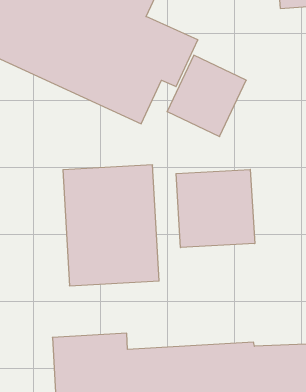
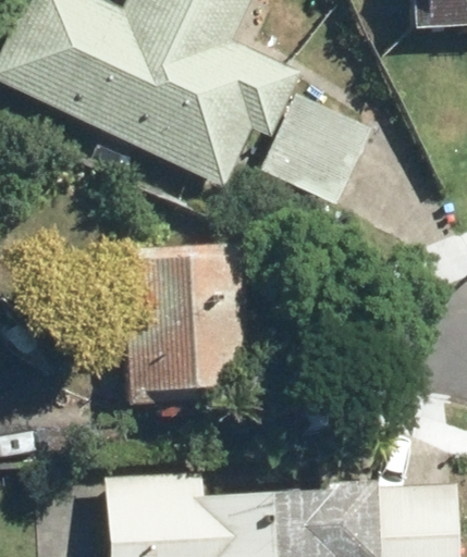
building: [176,169,255,248] -> none

